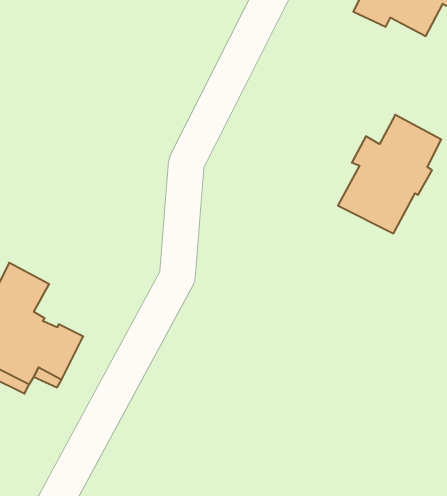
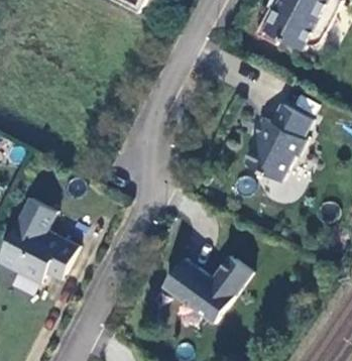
building: none -> [160,256,247,325]

